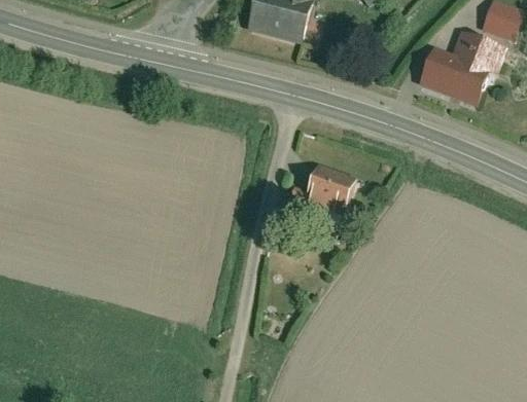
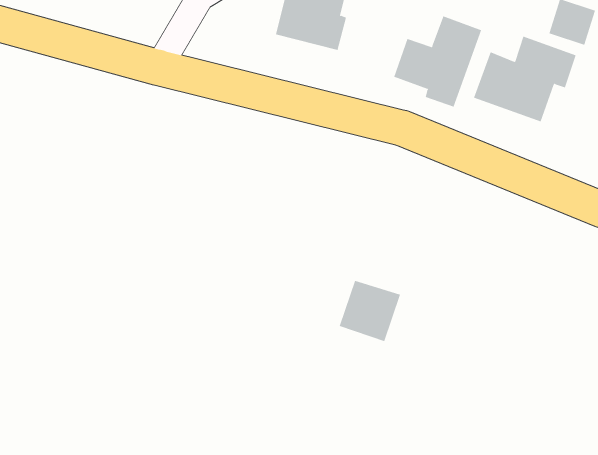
building: none -> [394,15,482,107]
building: [304,165,356,217] -> [339,280,401,342]

